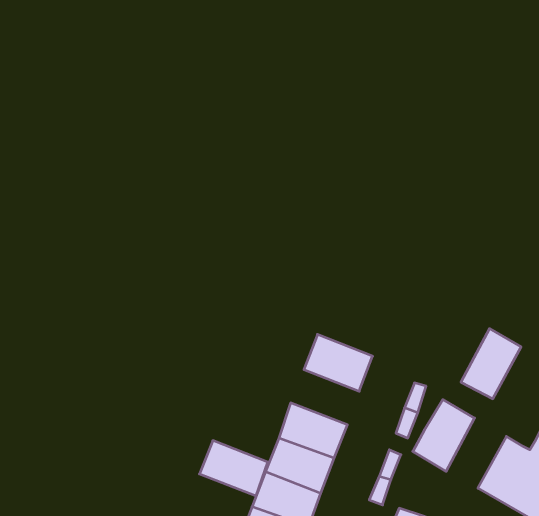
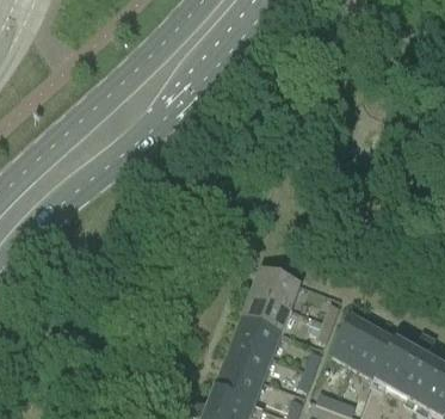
building: [461,329,521,399] -> [352,326,395,376]
building: [199,441,268,496] -> [241,291,290,331]

